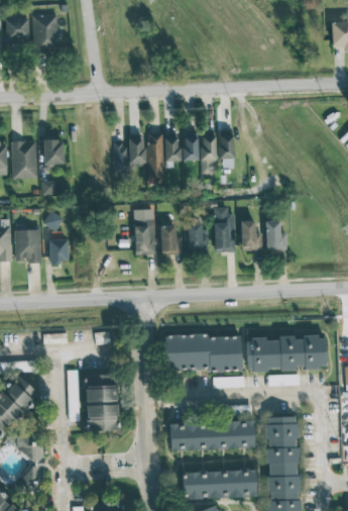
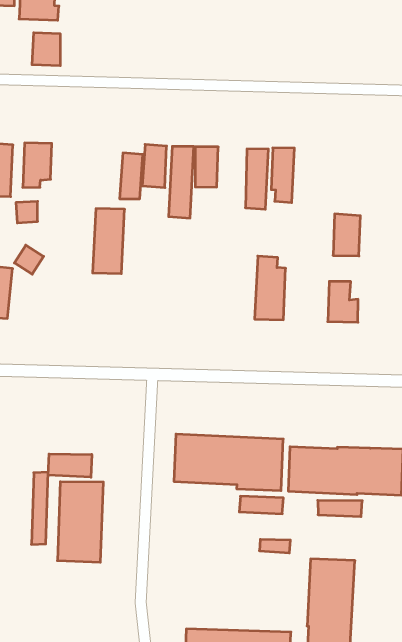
building: none -> [32,33,60,66]
building: [184,133,199,161] -> none
building: [134,209,155,255] -> [93,209,125,274]
building: [241,221,260,250] -> [333,214,360,256]
building: [188,223,203,249] -> none
building: [161,225,183,255] -> none
building: [49,239,70,263] -> none
building: none -> [48,454,92,477]
building: [169,421,255,450] -> none

